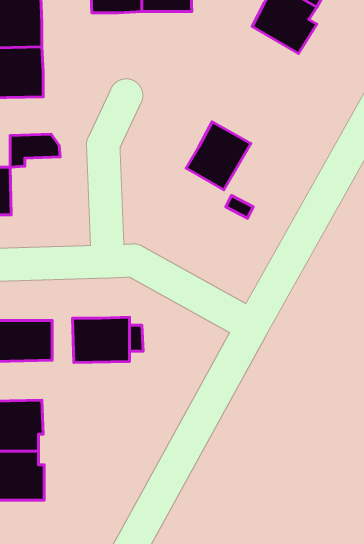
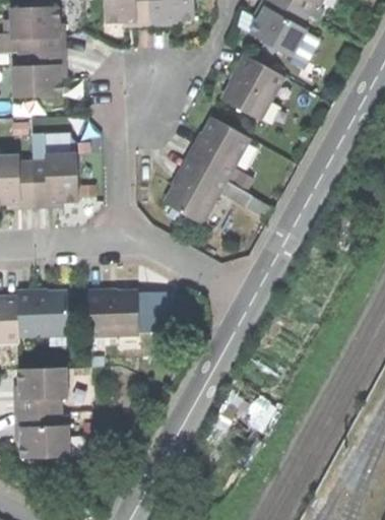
building: none -> [226,59,283,121]
building: none -> [34,151,79,203]
building: none -> [167,161,224,223]

